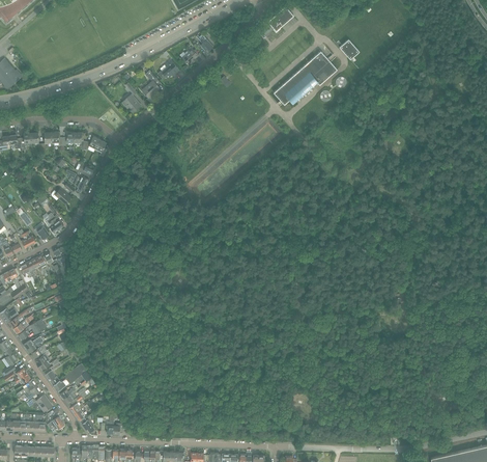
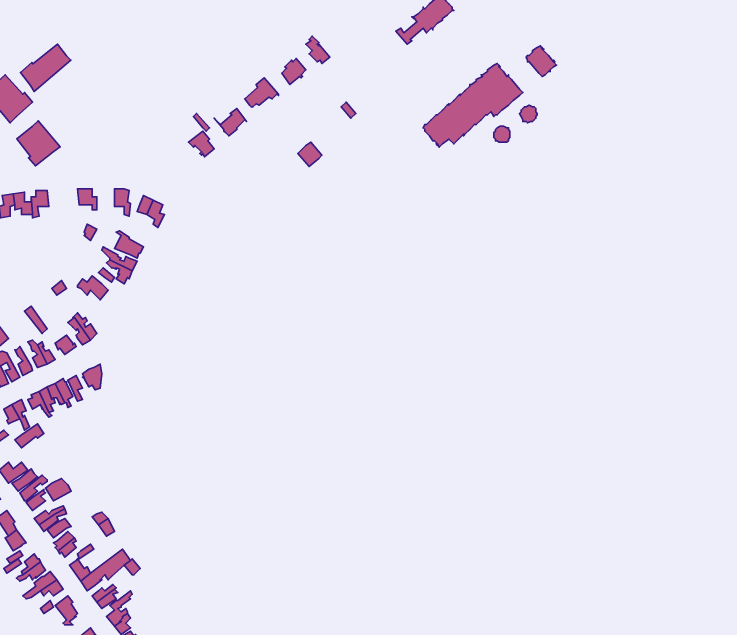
building: none -> [20,44,71,91]
building: none -> [17,121,60,166]

